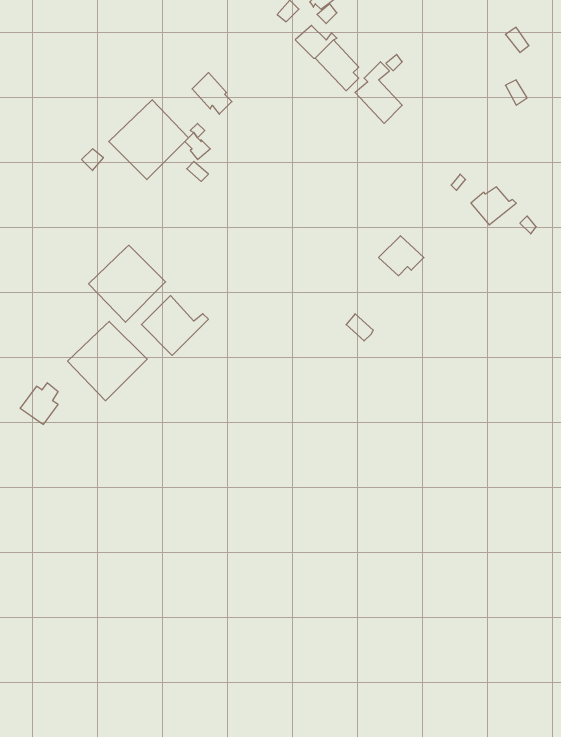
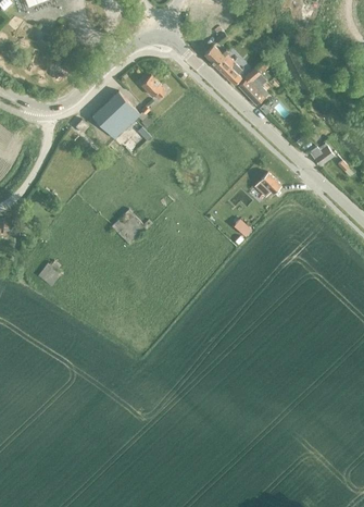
building: [89,245,166,322] -> none
building: [68,321,147,401] -> none

